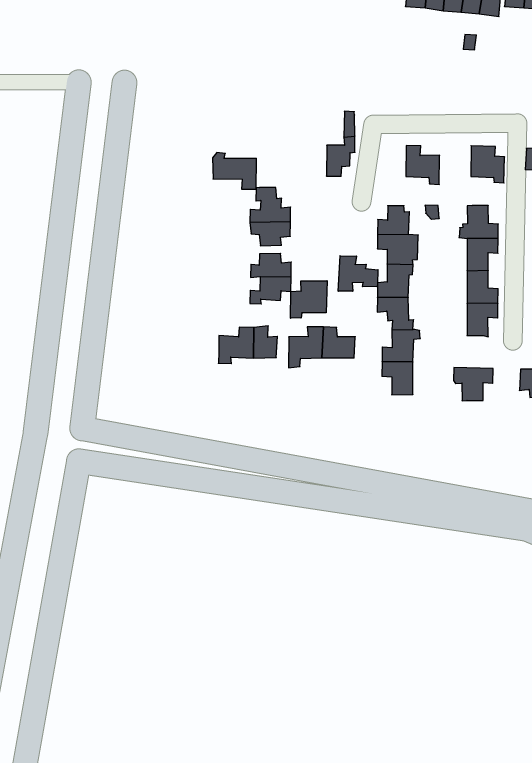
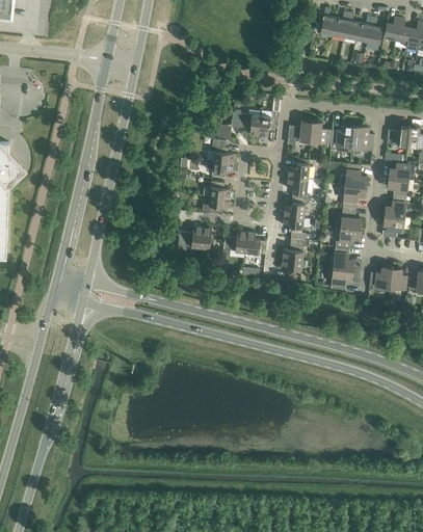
building: none -> [288,119,312,144]
building: none -> [331,124,353,152]
building: [213,153,256,189] -> [232,109,261,135]
building: [338,256,378,291] -> none
building: [291,281,327,318] -> none
building: none -> [328,246,354,269]

